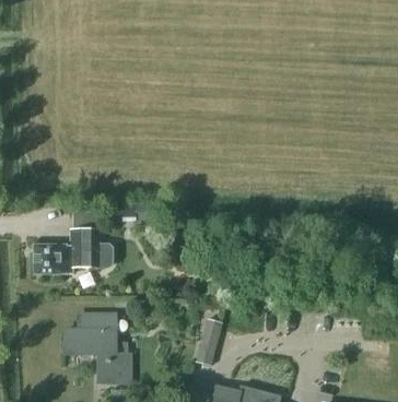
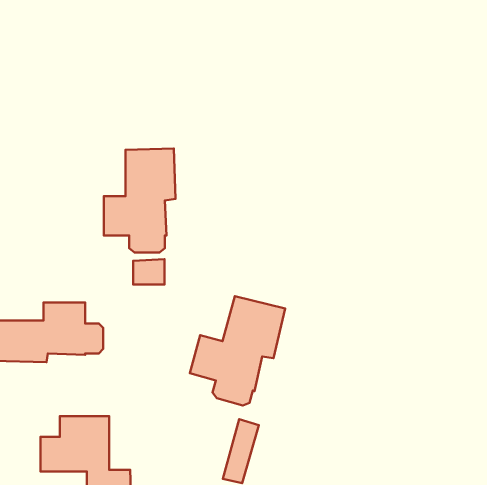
building: none -> [104,148,176,252]
building: none -> [190,296,285,405]

